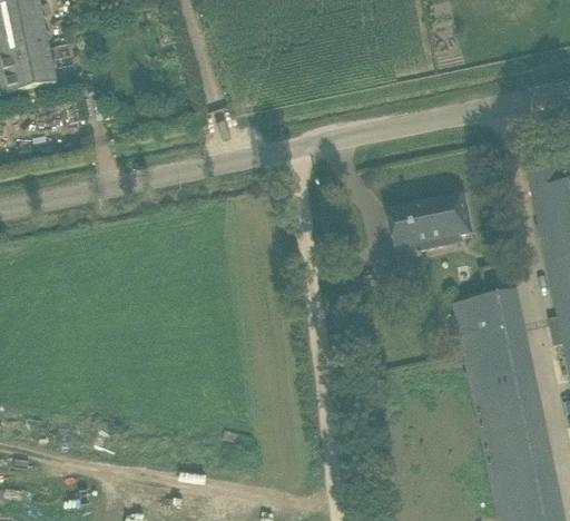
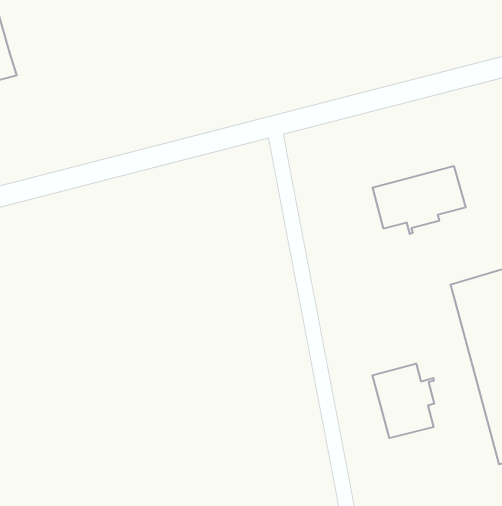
building: none -> [372,363,434,438]

